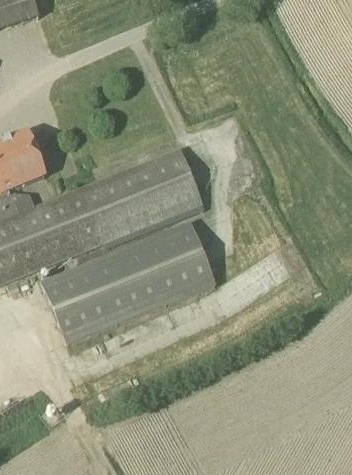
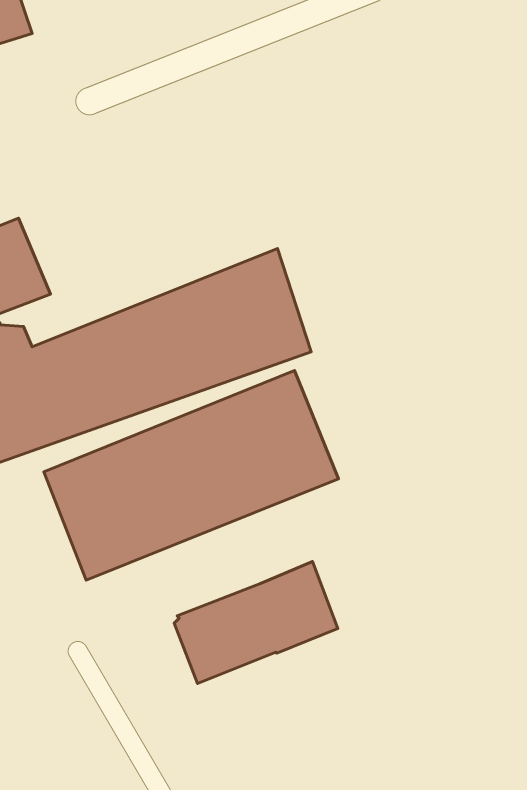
building: none -> [174,562,338,684]

